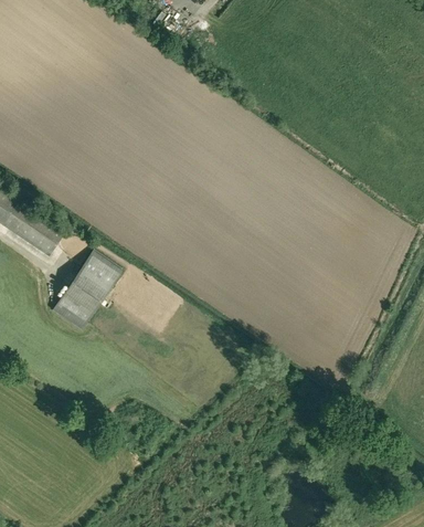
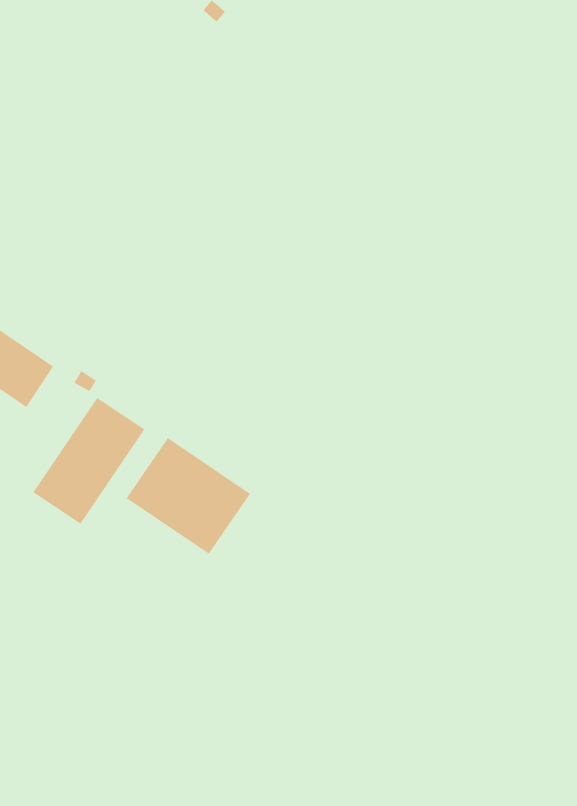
building: none -> [126,437,251,555]

